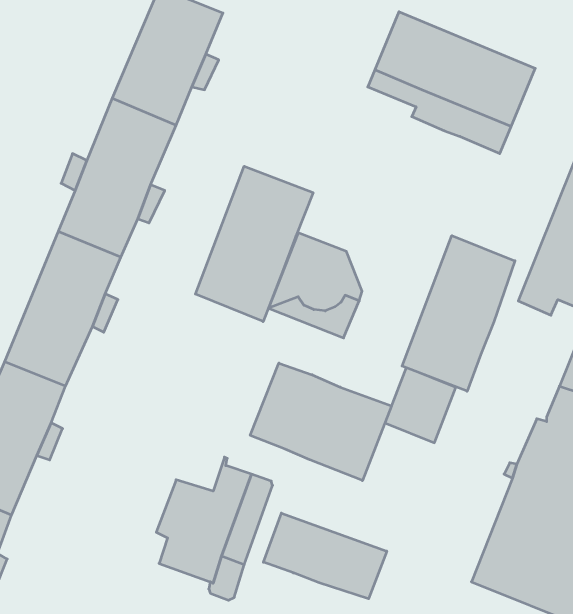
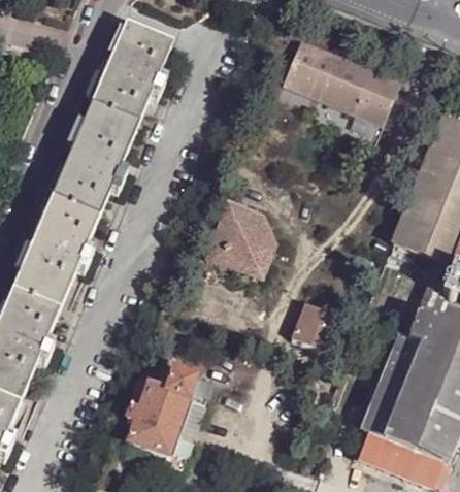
building: [195,166,313,322] -> none
building: [402,236,515,391] -> none
building: [250,363,391,481] -> none
building: [263,513,387,599] -> none

